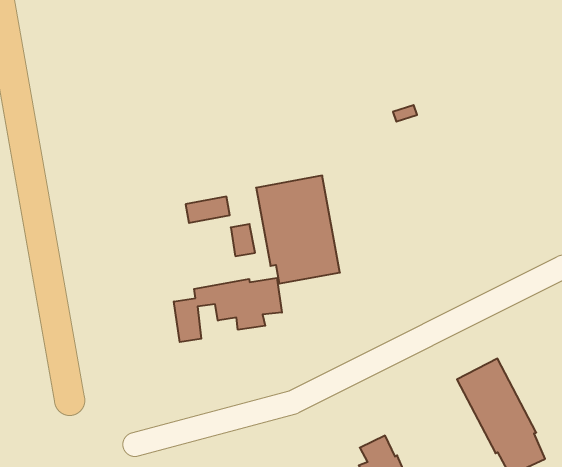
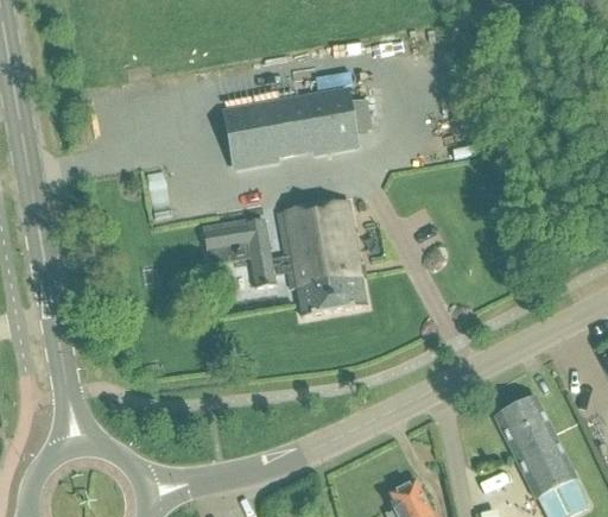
building: none -> [224,89,369,168]
building: [174,278,282,342] -> none

